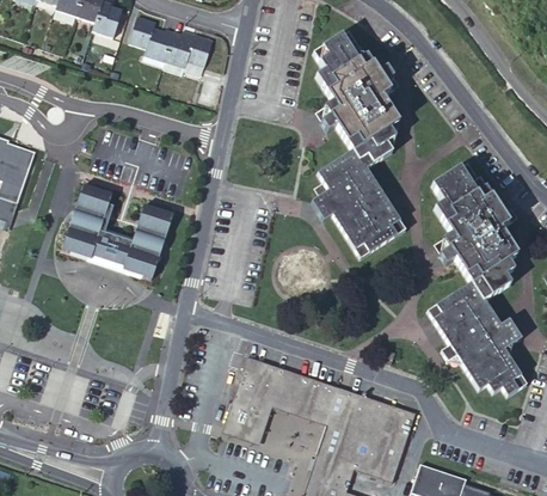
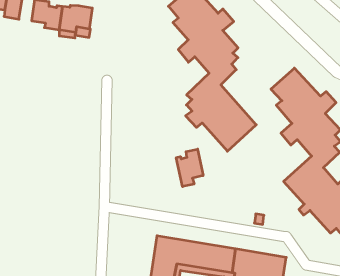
building: [62,183,173,277] -> none
building: none -> [176,149,203,187]

